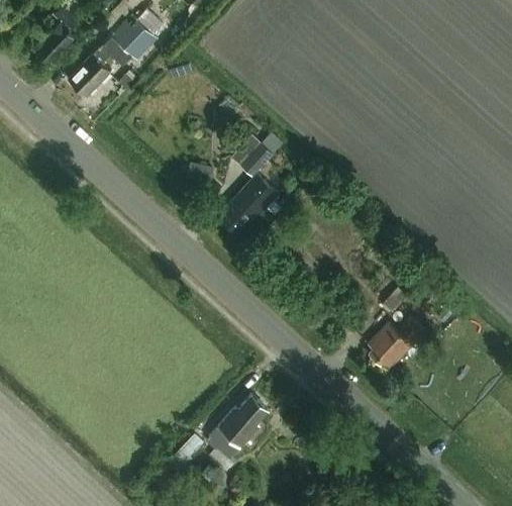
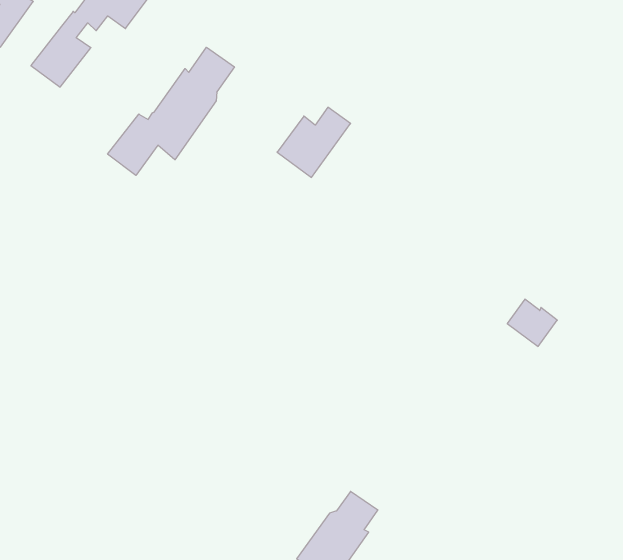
building: none -> [108,47,234,175]
building: [221,175,280,238] -> none
building: [368,317,425,372] -> none

